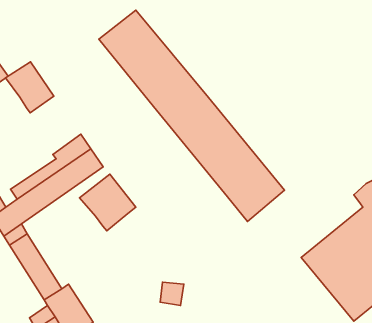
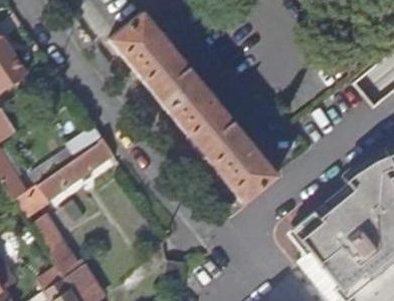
building: [6,62,54,113] -> none
building: [79,174,136,231] -> none

